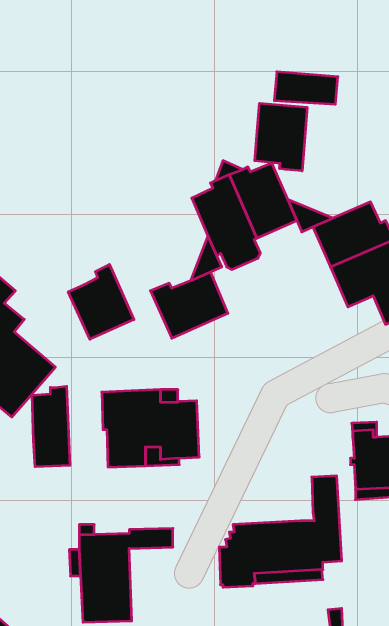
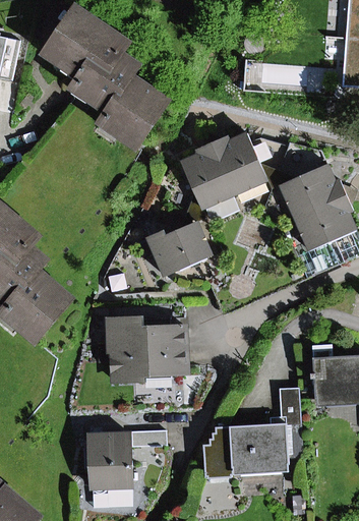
building: none -> [46,9,166,146]
building: [255,103,307,171] -> none
building: [68,264,134,339] -> none
building: [32,386,70,467] -> none

